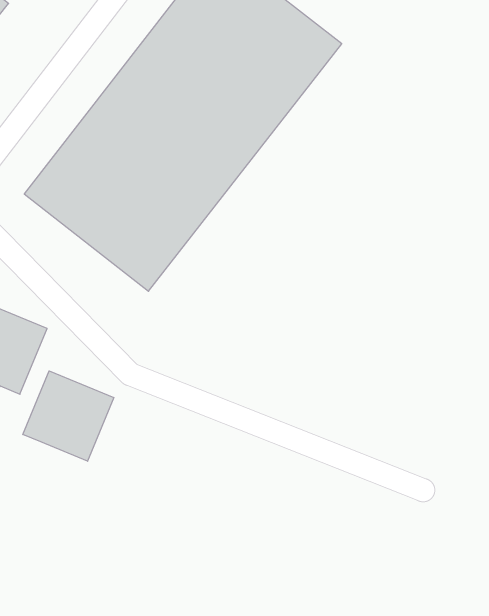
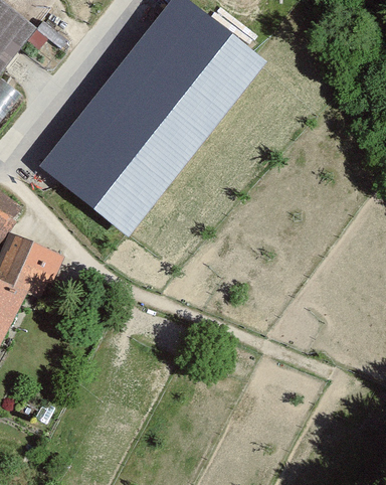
building: [23,371,114,461] -> none

